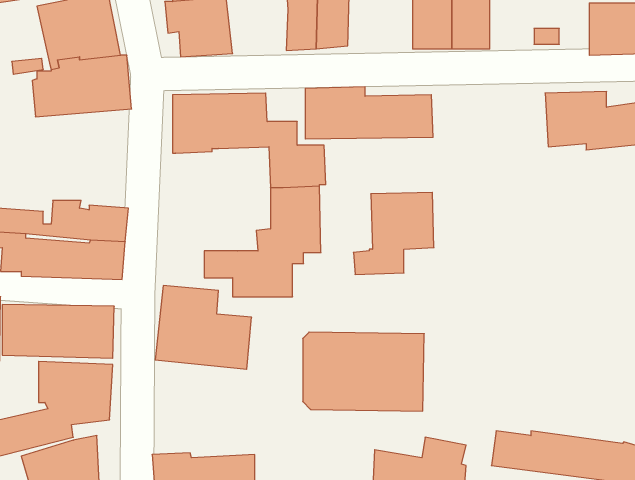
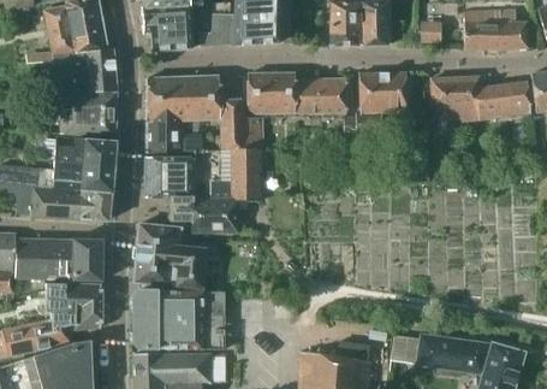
building: none -> [198,13,234,46]
building: none -> [63,93,117,136]
building: none -> [148,119,202,152]
building: none -> [55,138,114,166]
building: [353,192,434,274] -> [344,71,405,134]
building: none -> [145,157,196,199]
building: [303,332,424,411] -> [132,289,225,349]

